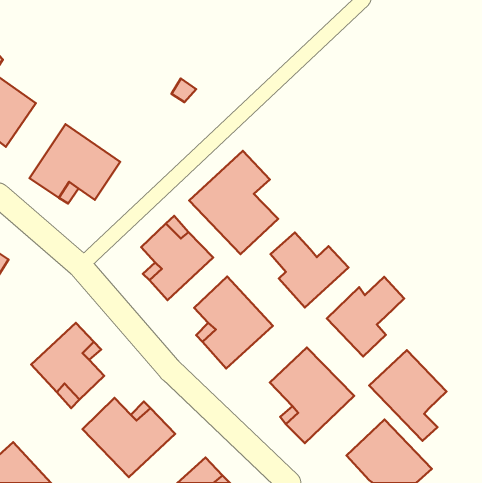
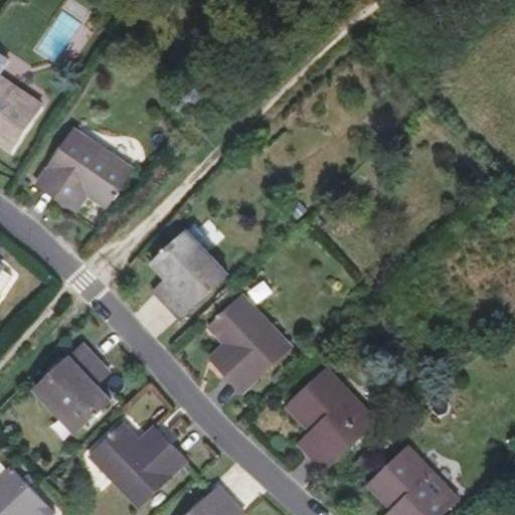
building: [189,151,278,254] -> none
building: [270,233,348,307] -> none
building: [327,277,404,356] -> none
building: [369,350,447,441] -> none

